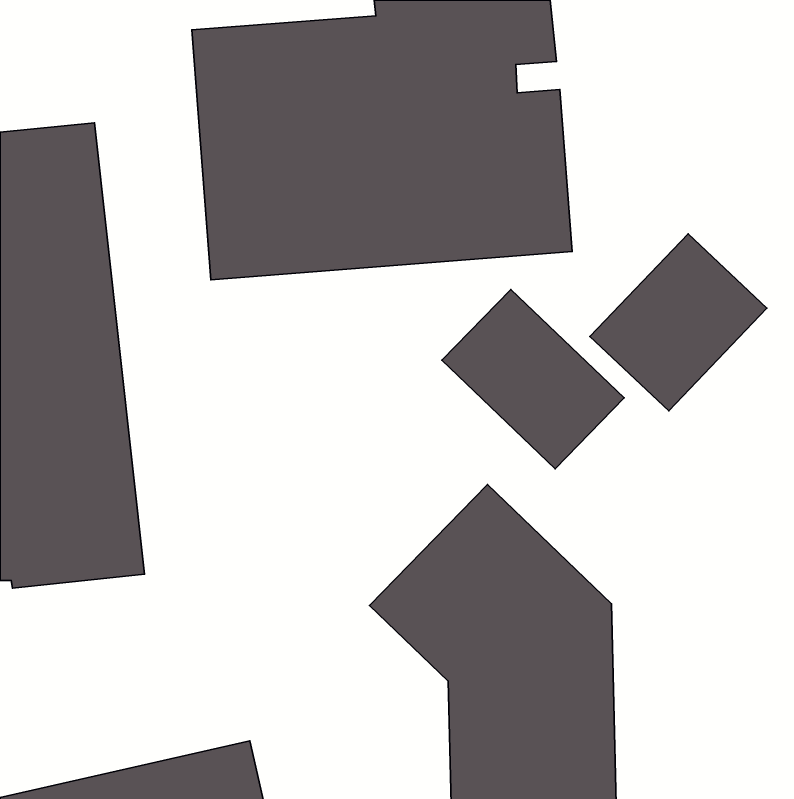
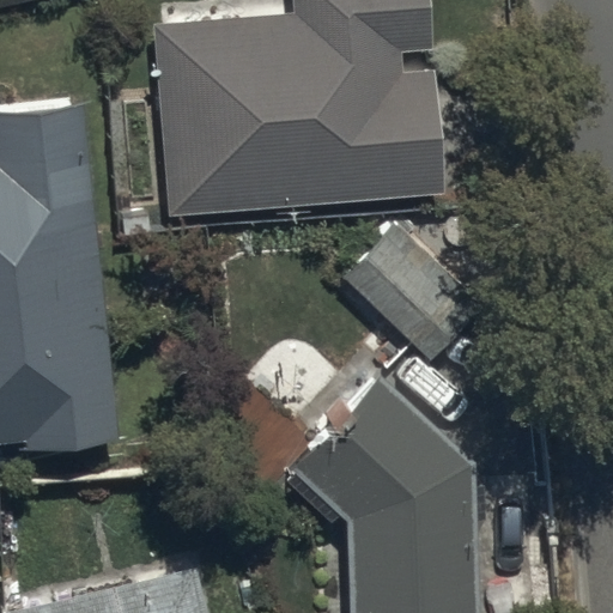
building: [590,234,767,411] -> none

